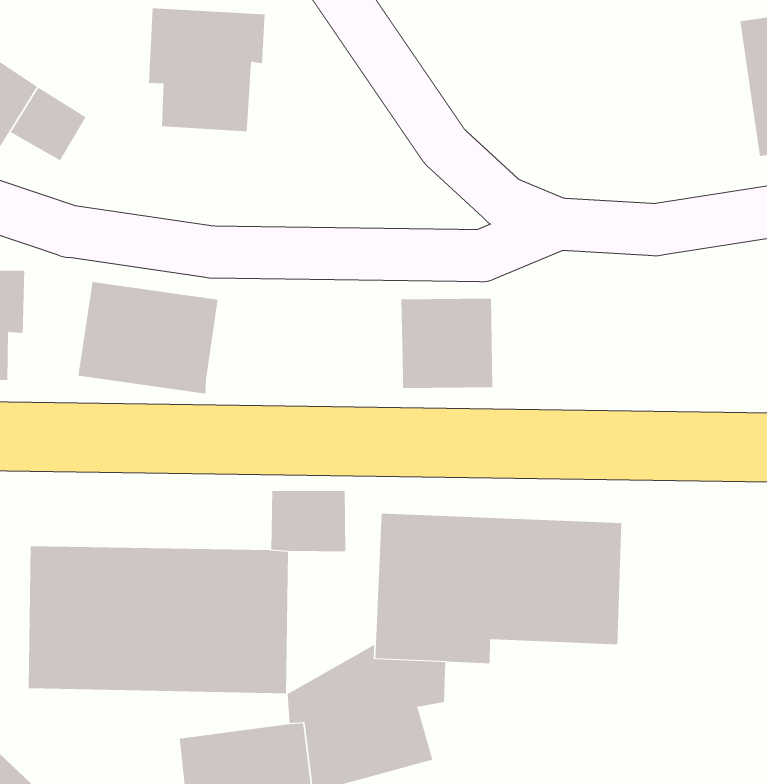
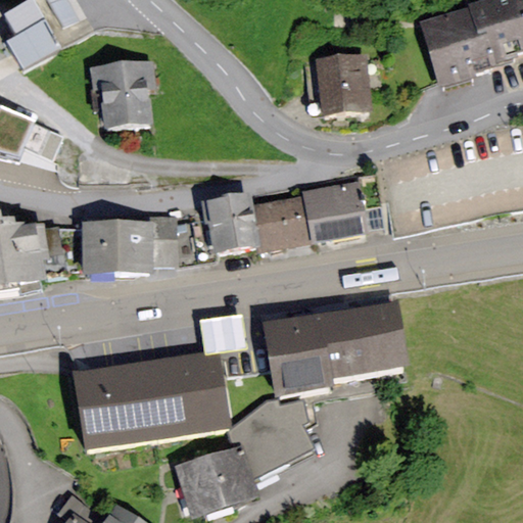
building: none -> [321,52,375,114]
building: none -> [204,190,262,253]
building: none -> [153,211,177,264]
building: none -> [303,182,365,241]

